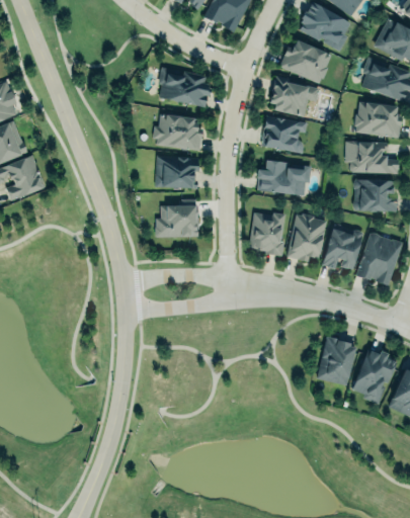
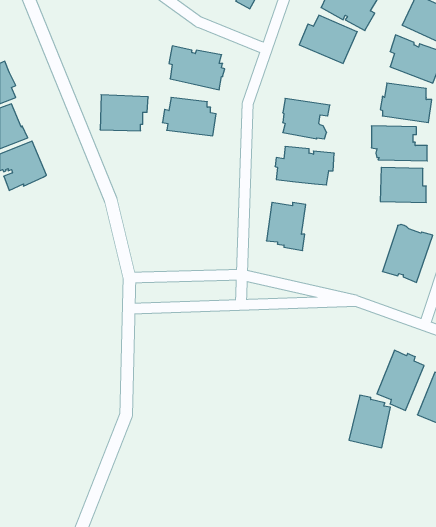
building: [271,76,322,117] -> none
building: [155,155,199,188] -> [100,95,148,131]
building: [155,205,198,237] -> none
building: [286,212,327,262] -> none
building: [322,224,363,270] -> none
building: [317,337,355,385] -> [349,395,390,448]

